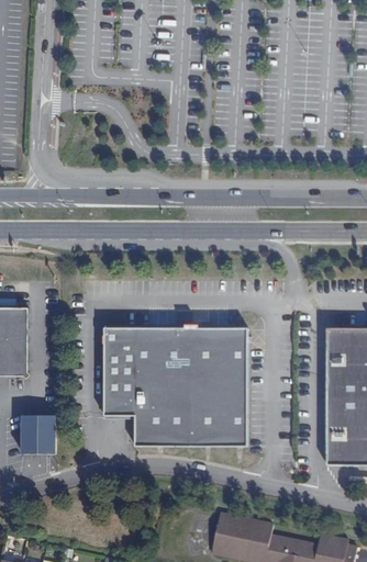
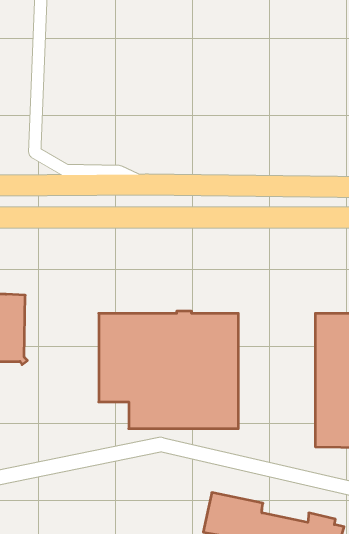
building: [21,415,55,453] -> none

